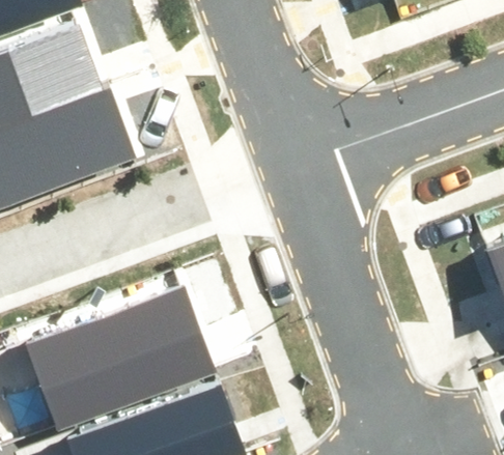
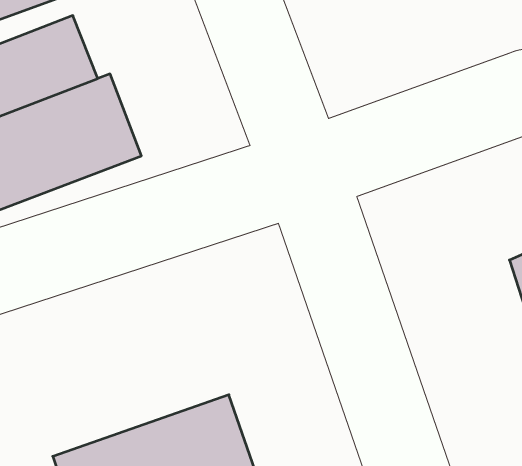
building: [31,293,206,418] -> none

